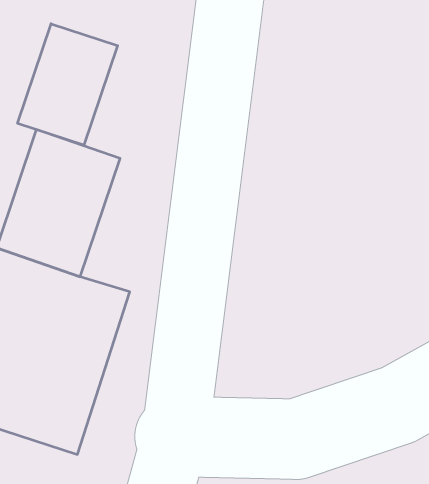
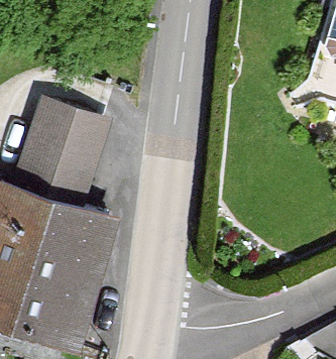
building: [18,24,118,145] -> none

